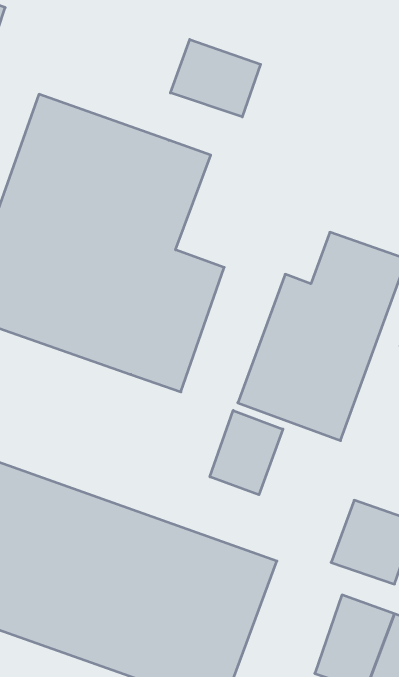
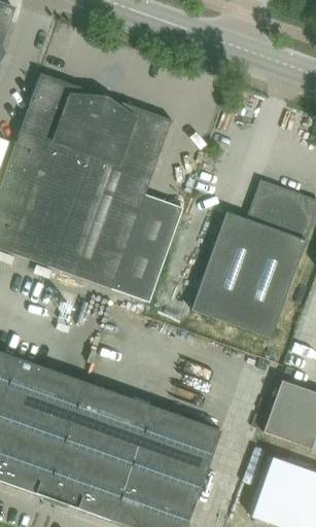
building: [170,39,261,117] -> none
building: [210,410,283,495] -> none

